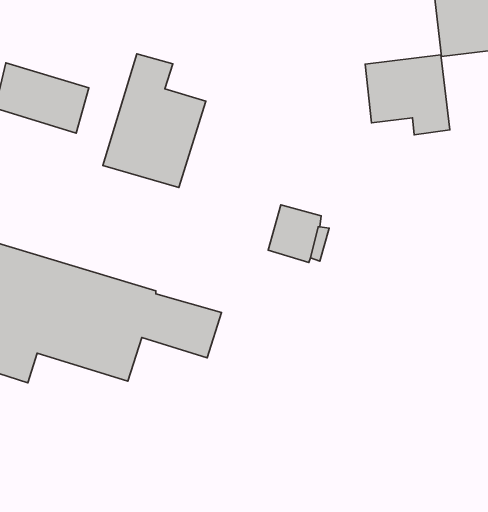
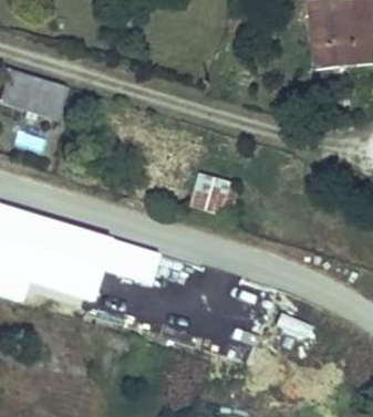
building: [103,54,206,188] -> none
building: [365,55,450,135] -> none

